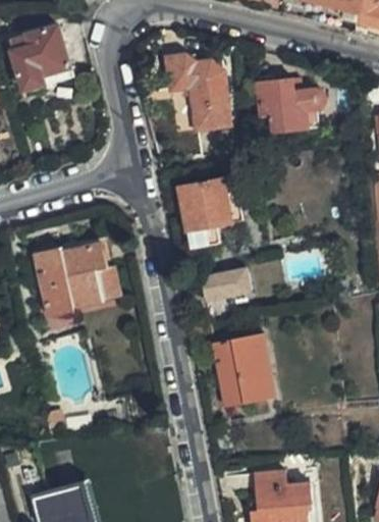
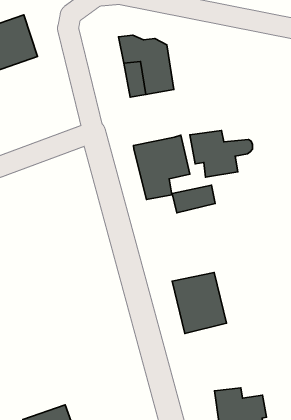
building: [256,79,327,132] -> [190,130,253,177]
building: [34,244,107,318] -> none
building: [199,270,248,300] -> [172,185,215,213]

